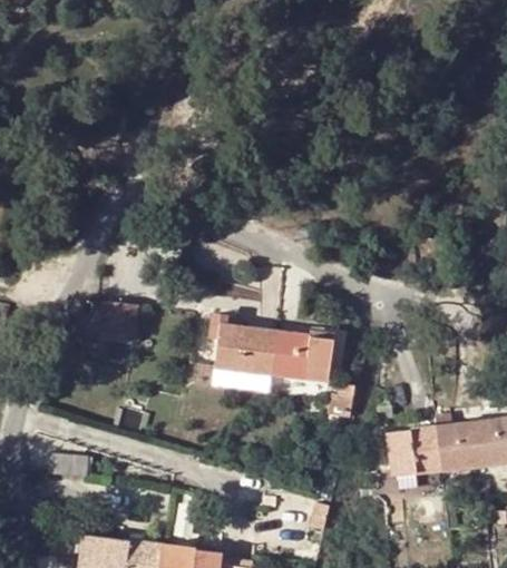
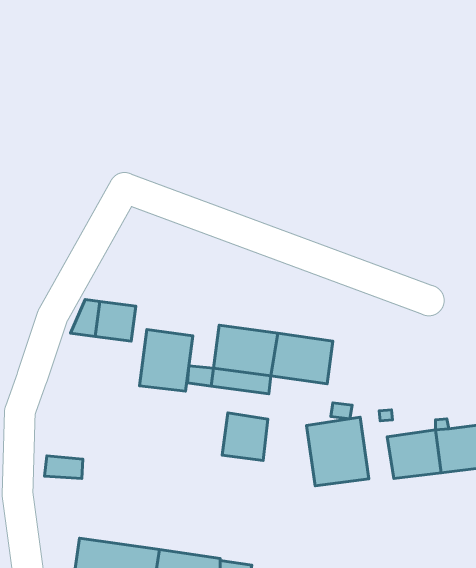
building: none -> [139,329,193,391]
building: none -> [222,413,268,461]
building: none -> [306,417,369,486]

